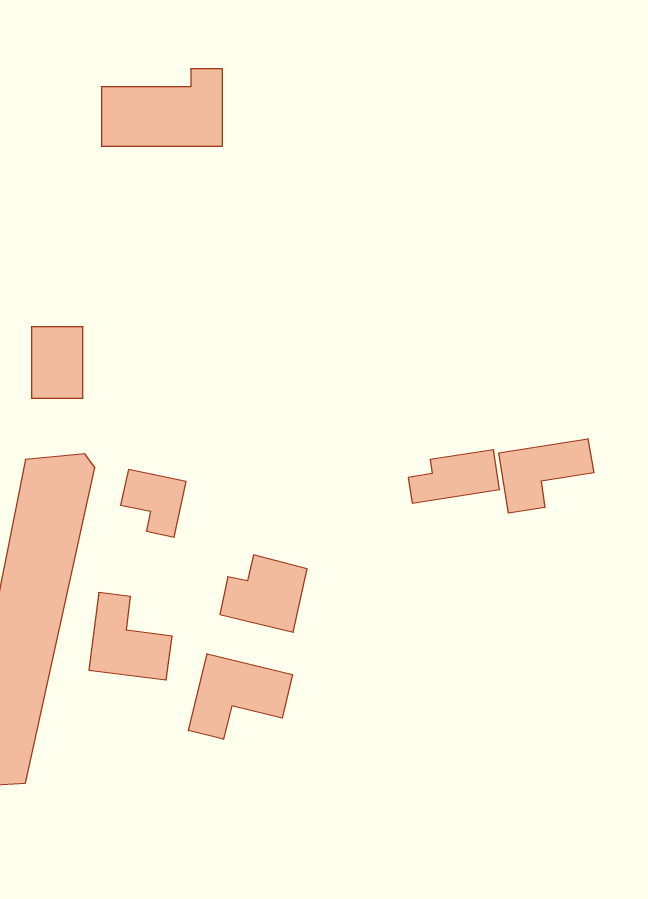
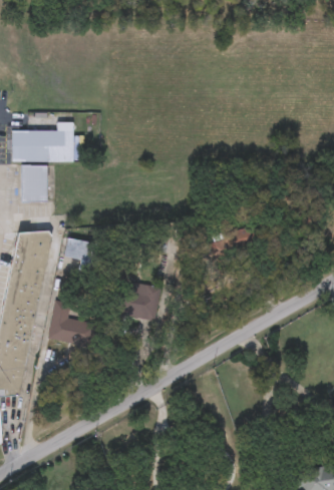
building: [101,69,222,146] -> [12,122,73,161]
building: [499,439,594,513] -> none
building: [188,654,292,739] -> none

